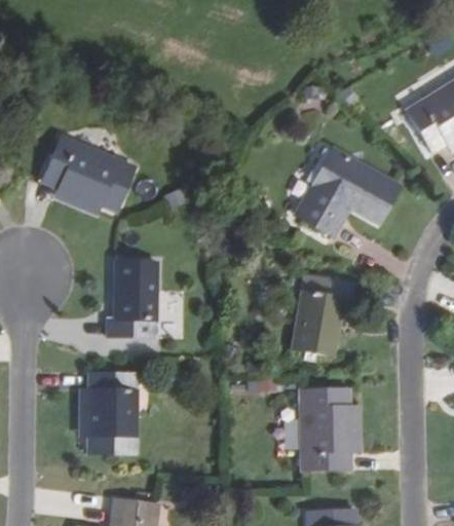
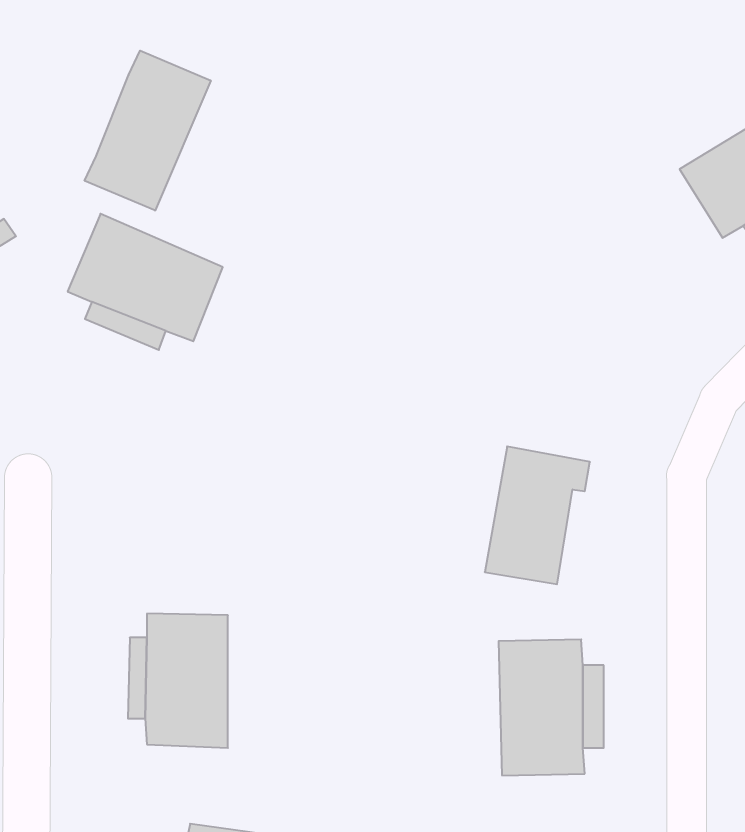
building: none -> [85,51,211,211]
building: [295,147,400,235] -> none
building: [107,260,158,345] -> none

